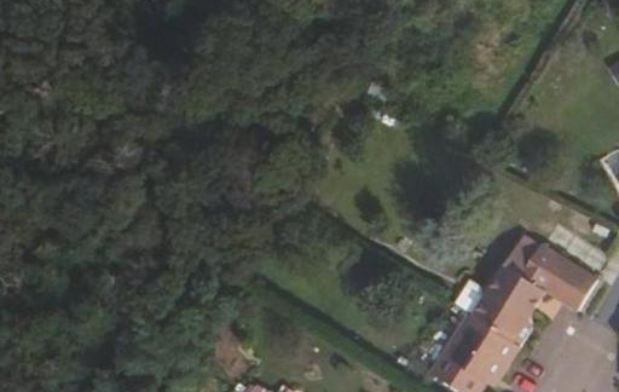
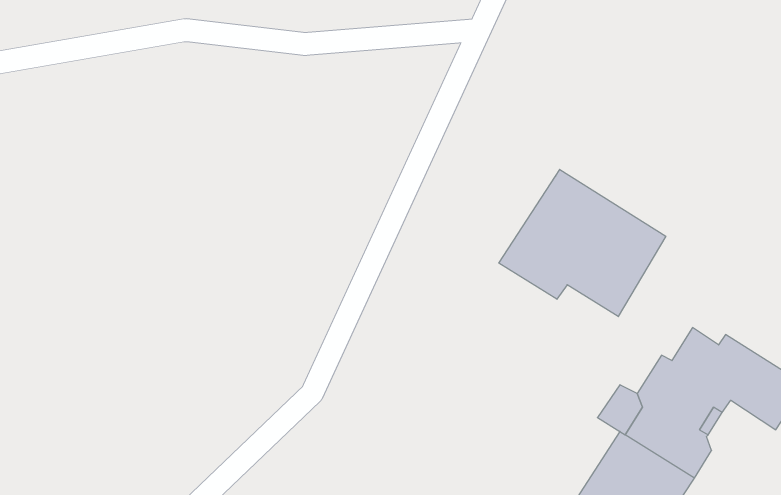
building: none -> [499,169,666,317]

